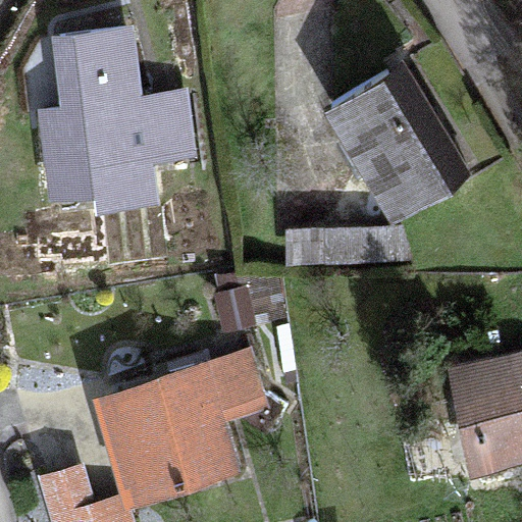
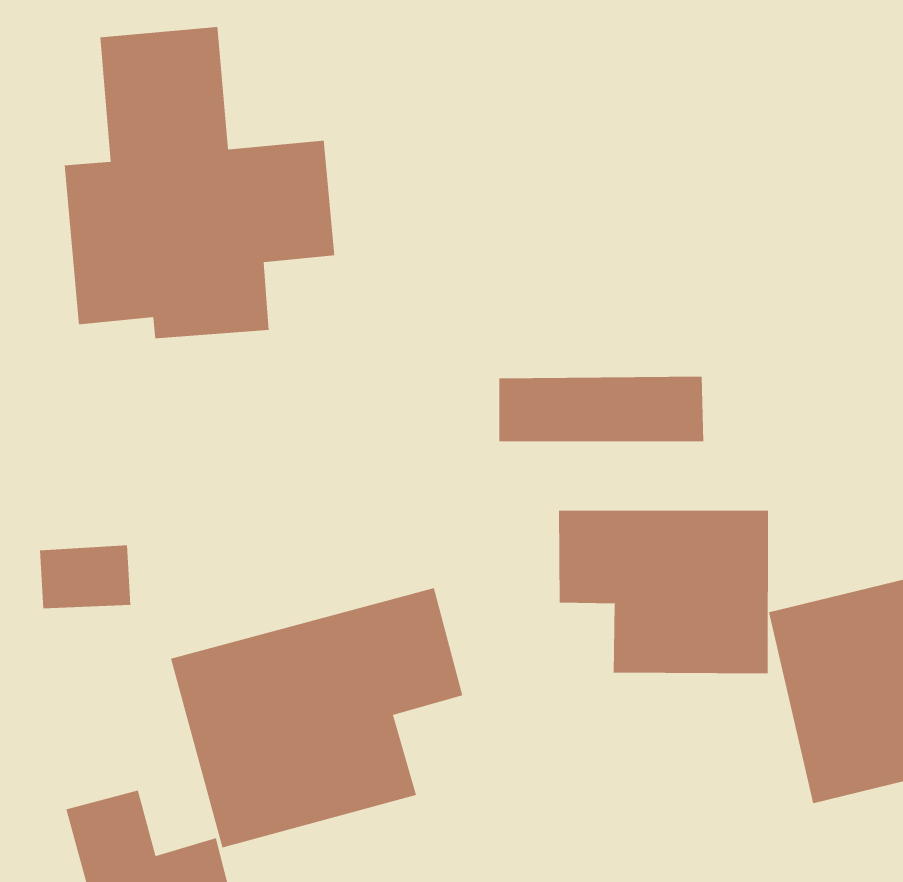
building: [325,60,471,223] -> none
building: none -> [559,510,768,674]

